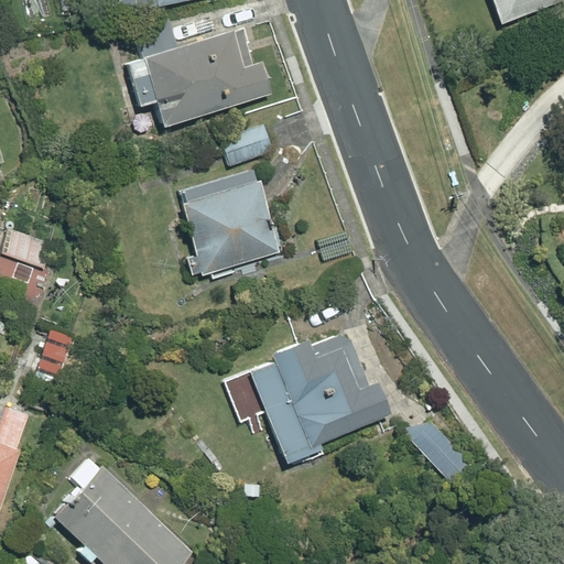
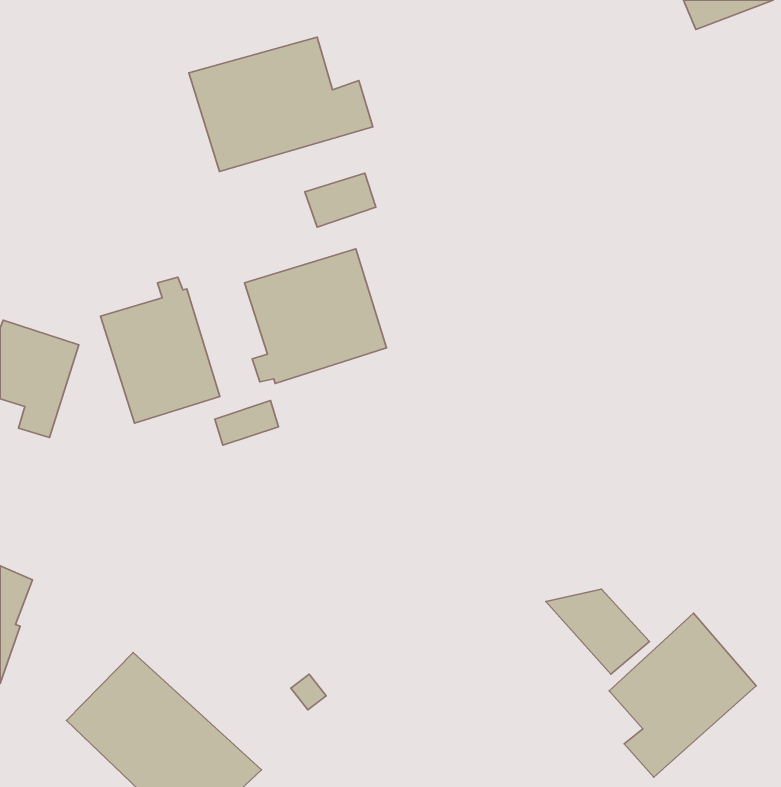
building: none -> [100,277,220,423]
building: [249,338,390,463] -> none
building: none -> [609,613,756,777]

